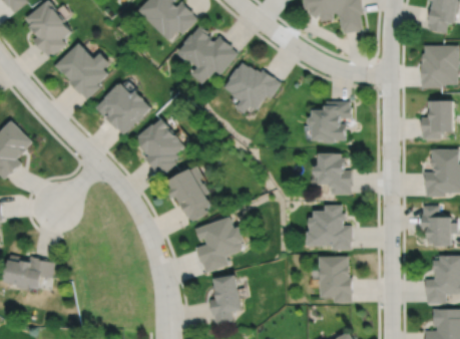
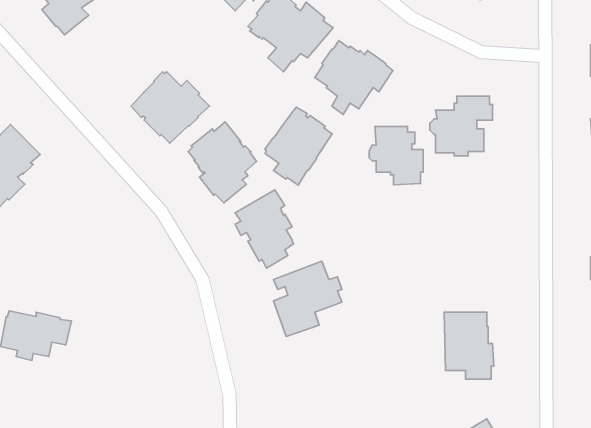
building: [55,43,110,99] -> none
building: none -> [265,107,332,185]
building: [313,154,351,196] -> [369,127,423,185]
building: [305,206,351,251] -> none
building: [209,271,244,322] -> none

